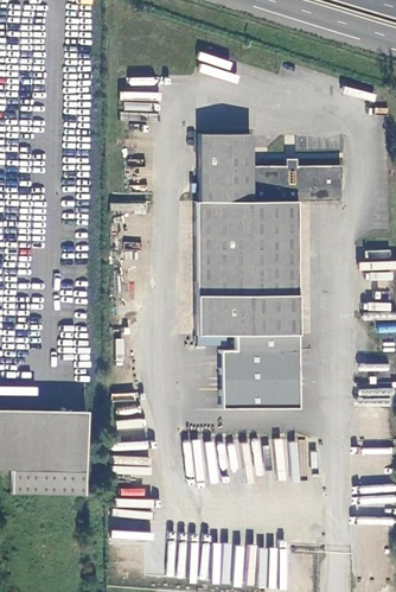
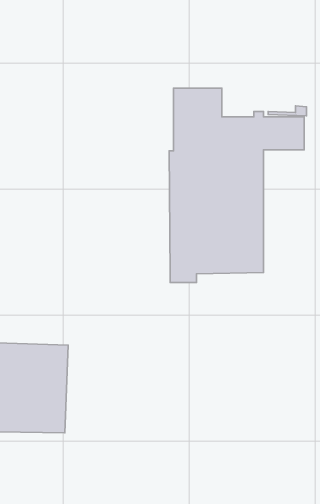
building: [221,332,299,407] -> none

